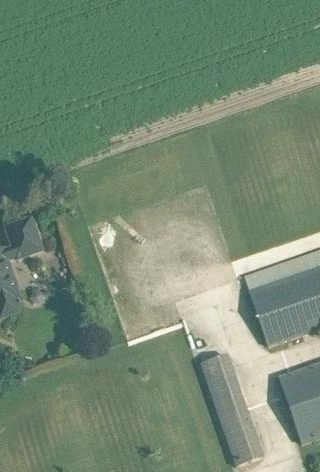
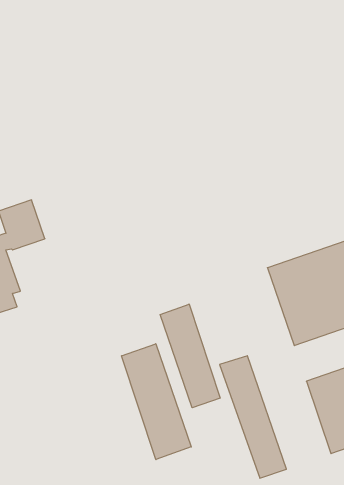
building: none -> [160,304,220,408]
building: none -> [122,344,191,460]

